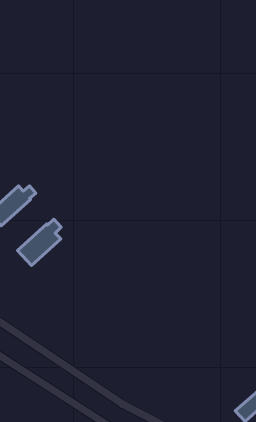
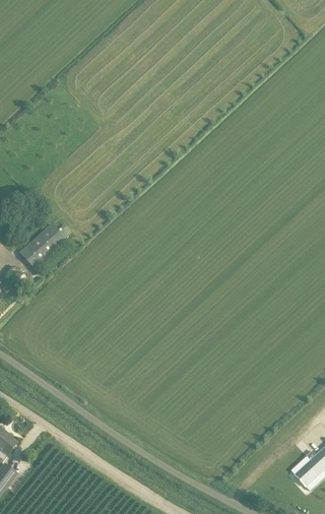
building: [17,219,61,265] -> none

